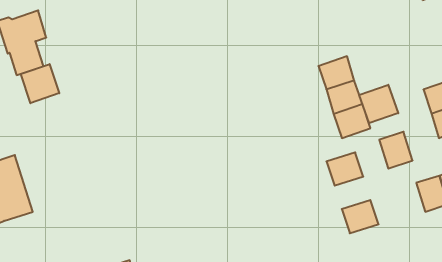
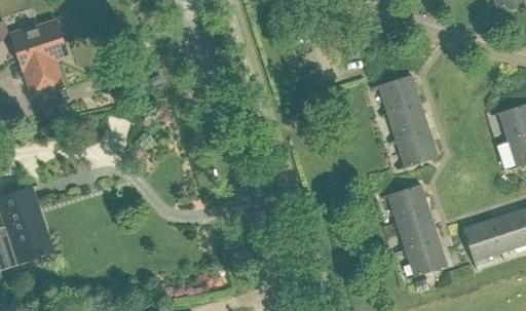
building: [21,64,59,103] -> none
building: [359,85,398,123] -> none
building: [379,132,413,169] -> [462,219,500,261]
building: none -> [397,211,438,248]

